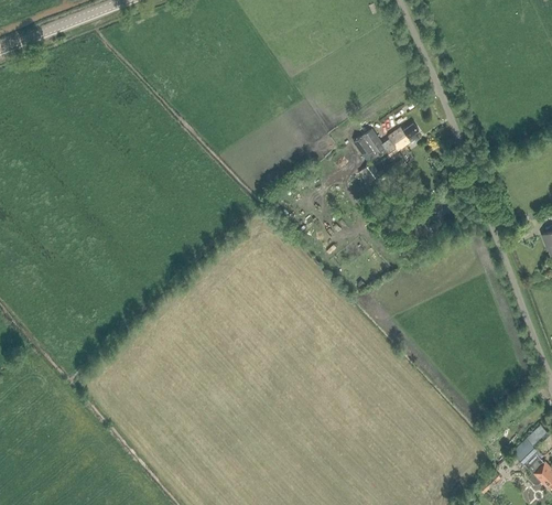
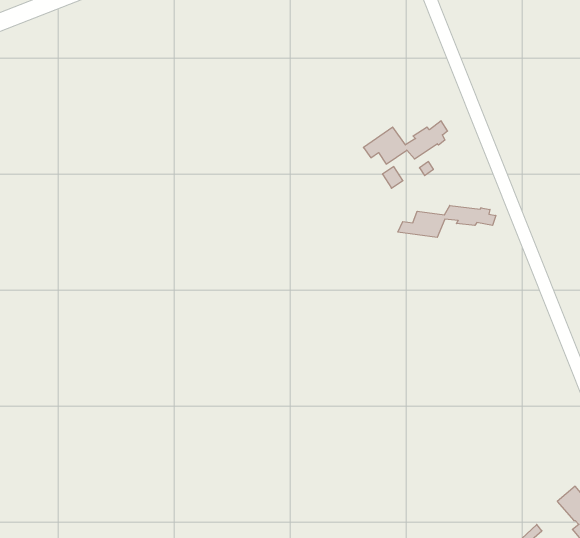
building: none -> [398,205,496,237]

